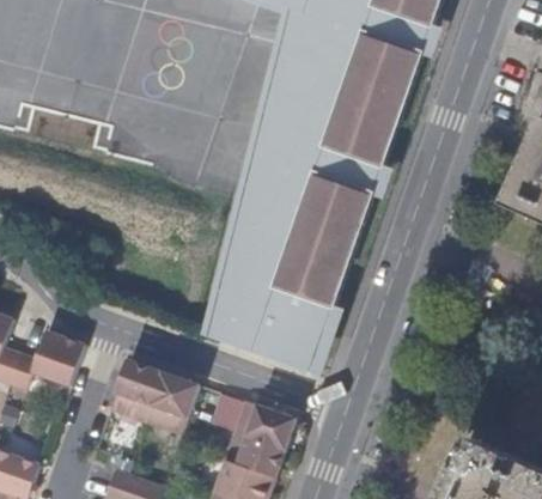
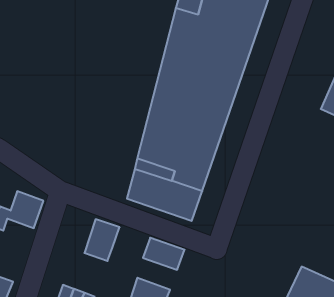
building: [111,358,164,421] -> none
building: [224,428,286,476] -> none

